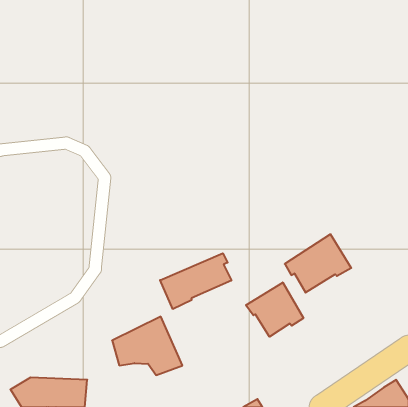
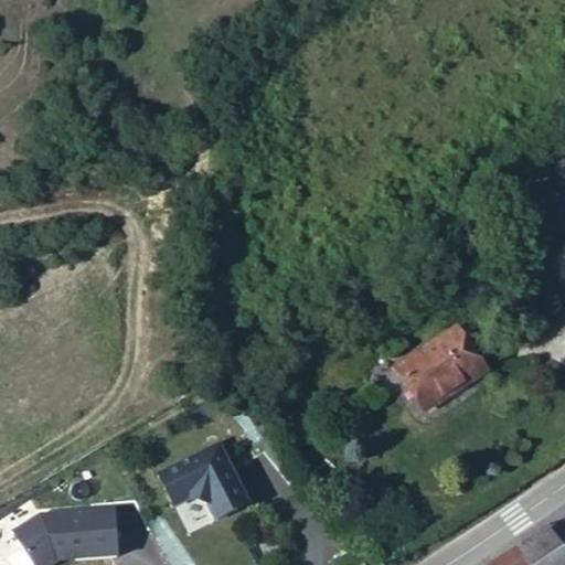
building: [160,253,231,309] -> none
building: [246,282,303,337] -> none

